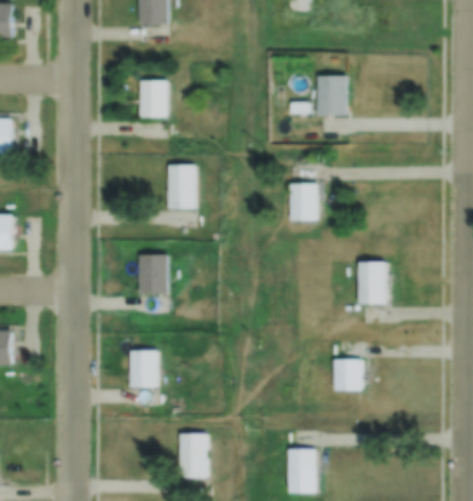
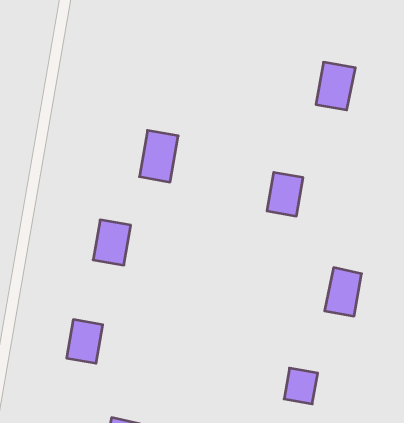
building: [140,81,168,116] -> none

